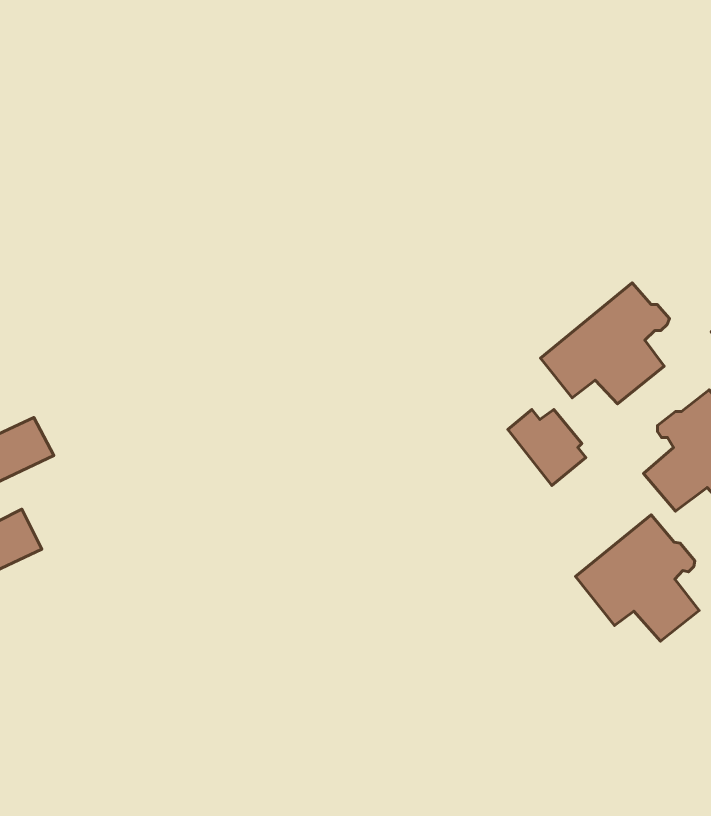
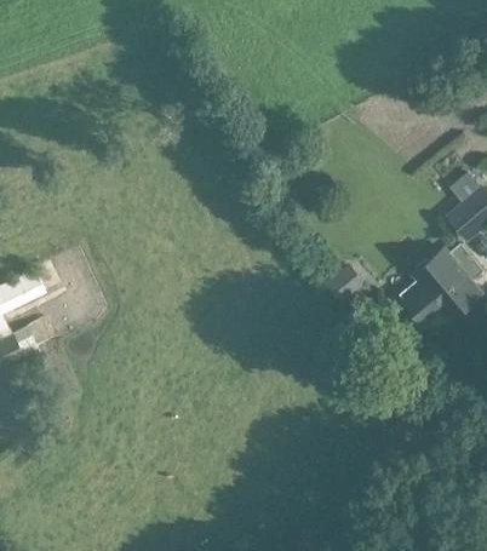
building: [541,283,669,404] -> none
building: [575,515,699,641] -> none

